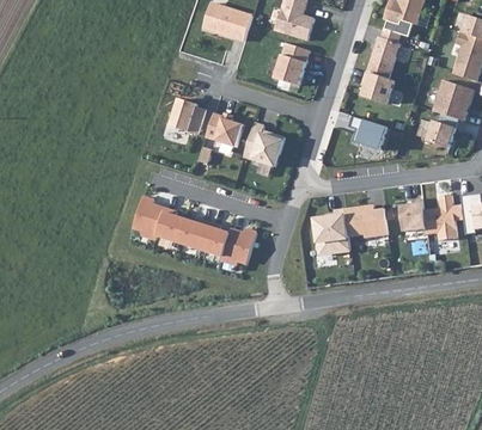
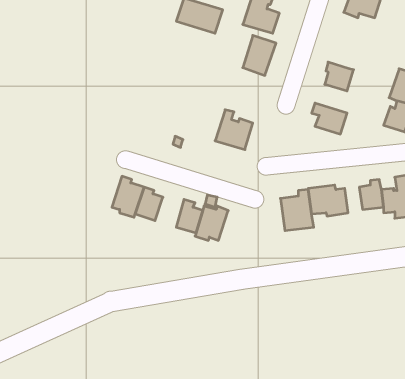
building: [366,29,399,79] -> none
building: [170,98,205,134] -> none
building: [206,112,243,147] -> none
building: [179,216,211,250] -> none

